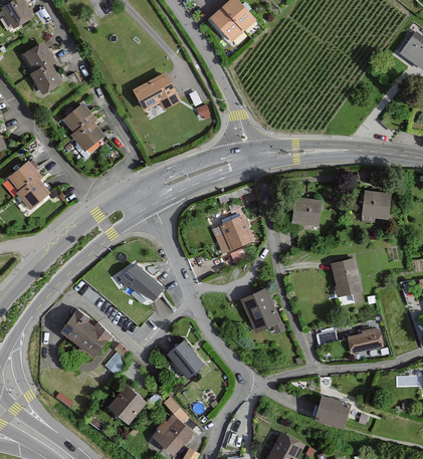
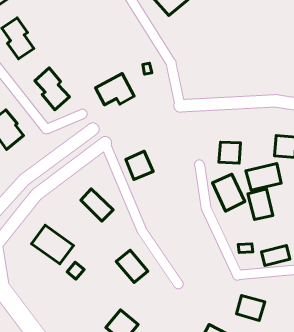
building: [133,74,181,113] -> [95,73,134,105]
building: [219,217,253,252] -> [126,151,153,180]
building: none -> [246,163,281,190]
building: [240,289,280,335] -> [213,174,245,211]
building: [109,380,149,420] -> none

